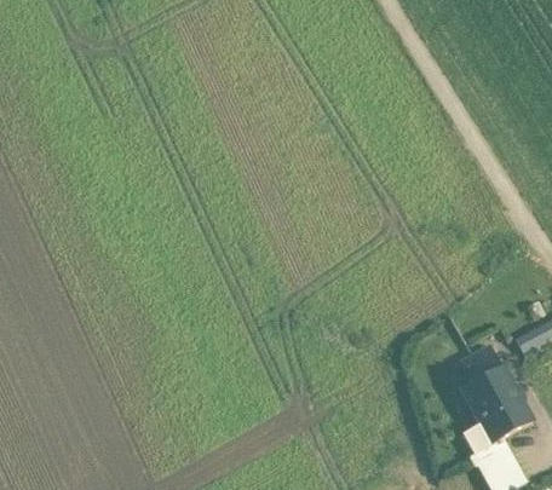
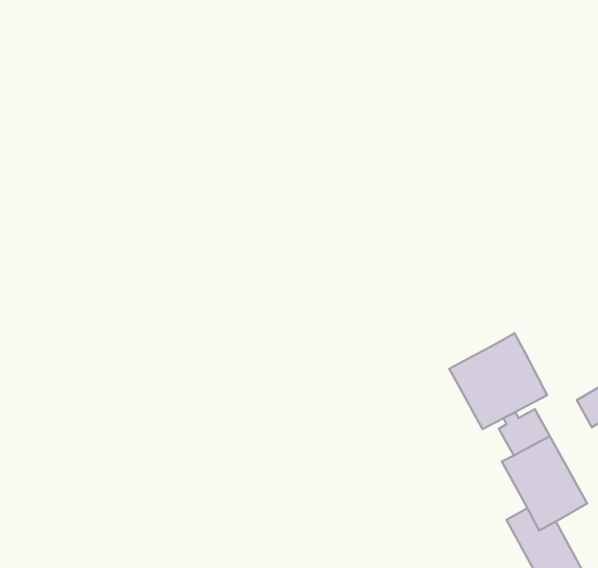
building: none -> [449,333,547,429]

